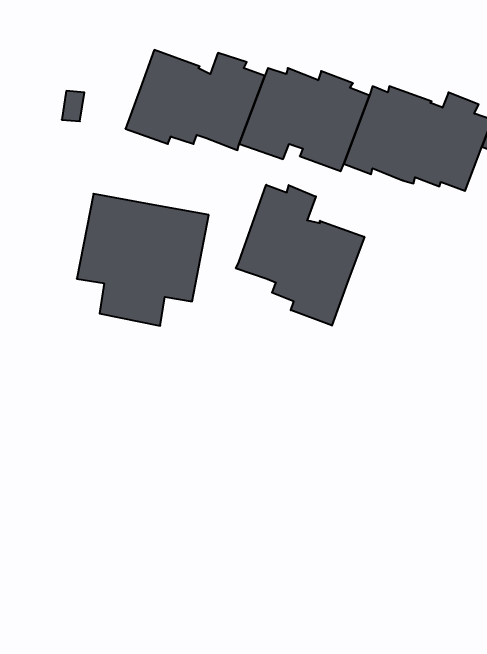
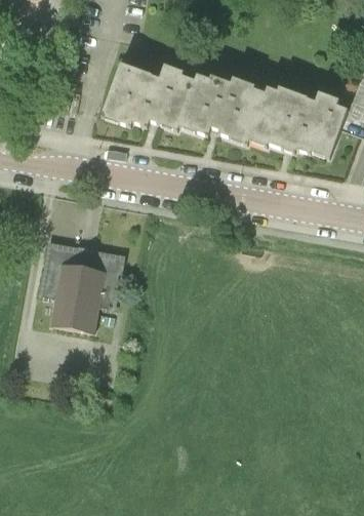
building: [236,185,364,326] -> none
building: [77,194,209,326] -> [39,243,128,332]

